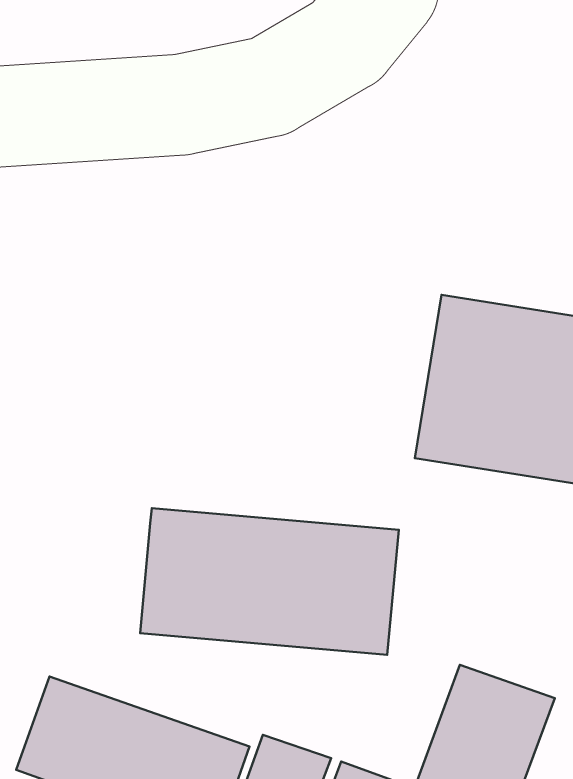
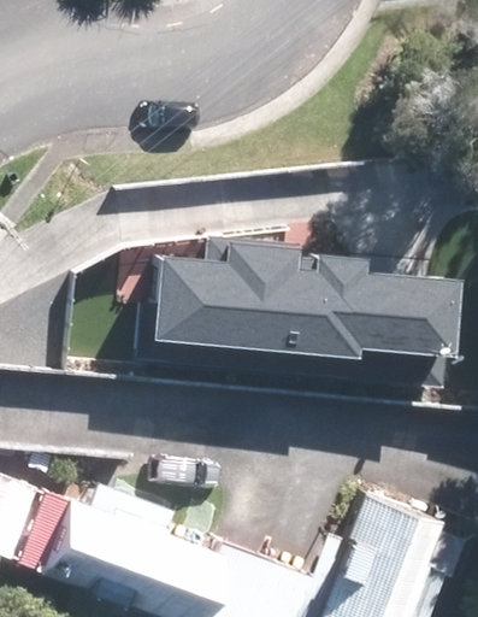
building: [140,508,399,655] -> [116,266,302,372]

